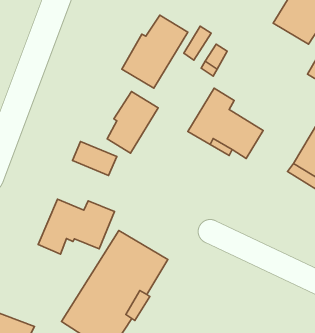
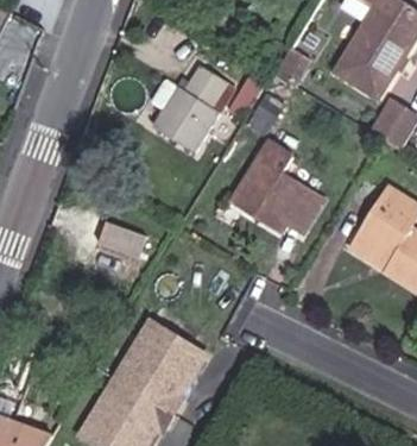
building: [107,91,158,153] -> none
building: [38,199,114,254] -> none

